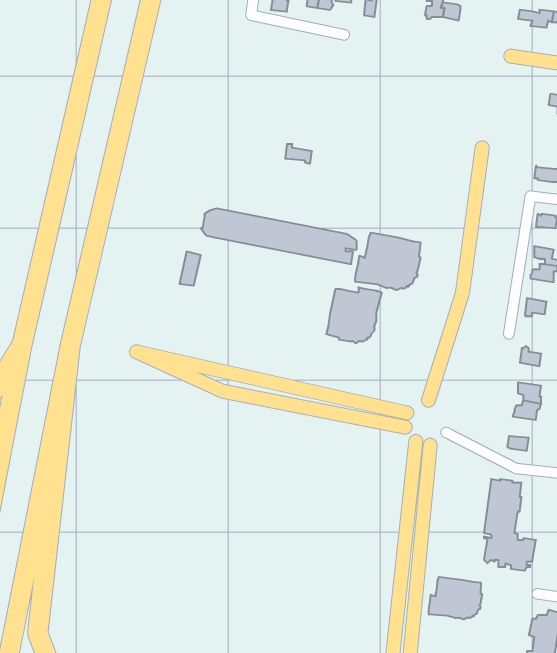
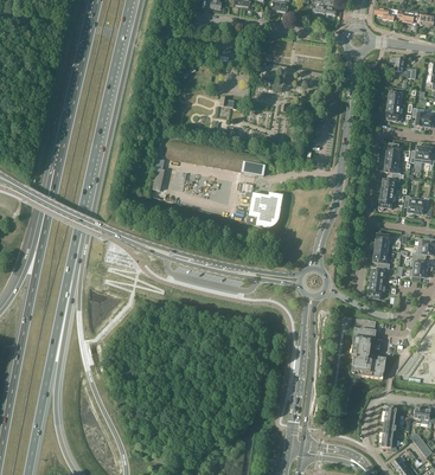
building: [355,233,421,290] -> none
building: [429,577,482,619] -> none

